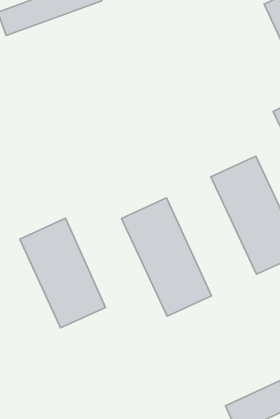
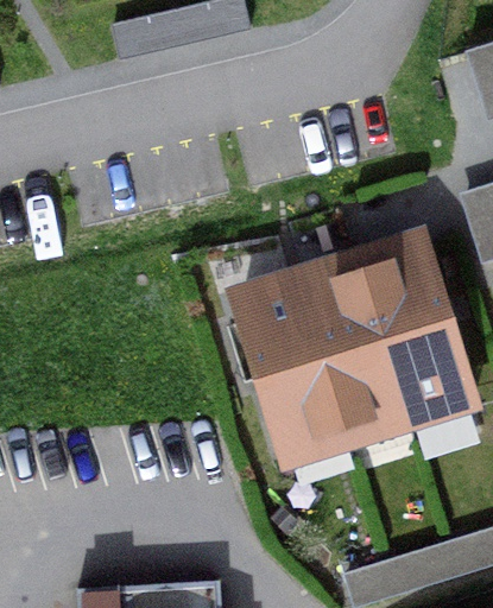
building: none -> [302,271,406,428]
building: [20,218,105,328] -> none

